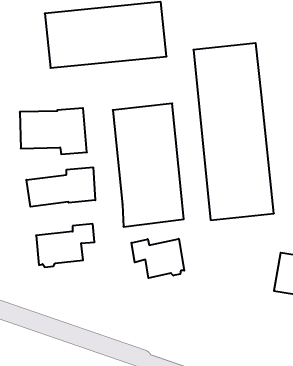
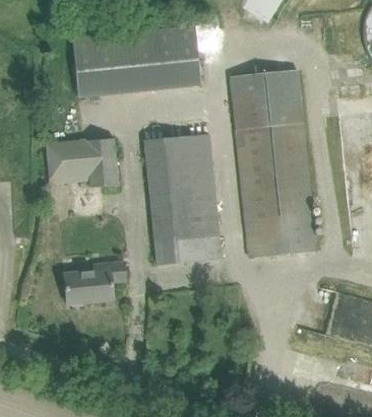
building: [26,167,95,207] -> none
building: [131,239,184,278] -> none

